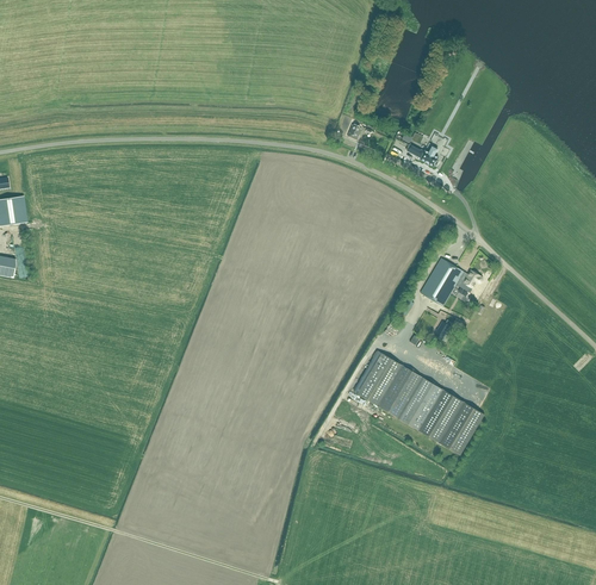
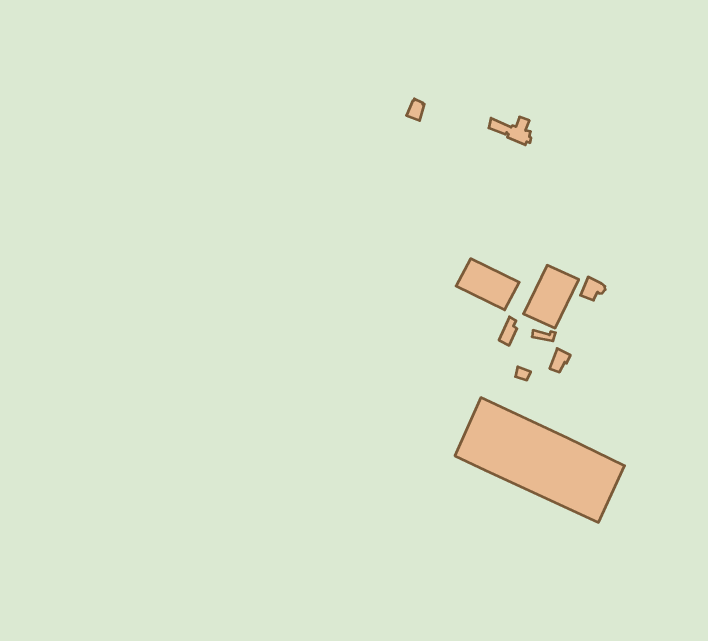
building: none -> [456,259,519,310]

